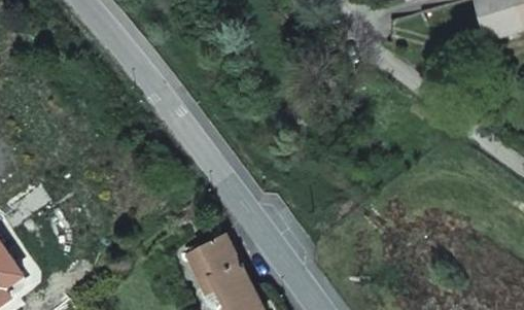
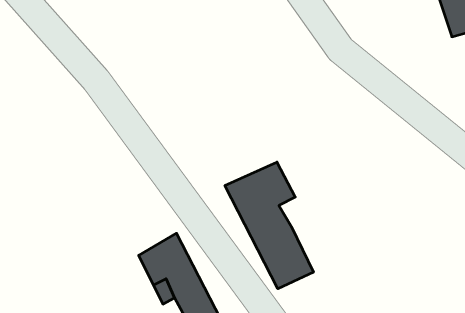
building: none -> [225,162,313,289]

